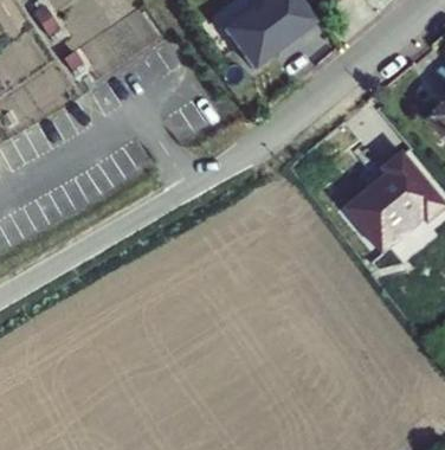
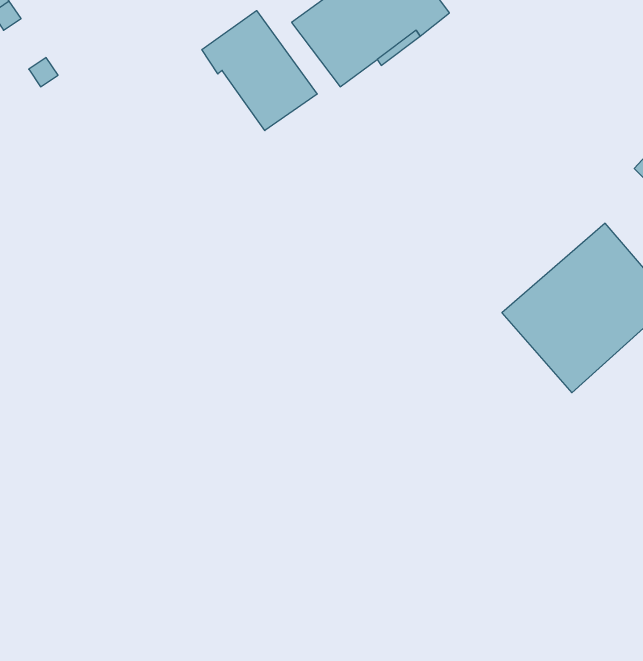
building: none -> [202,11,317,131]

